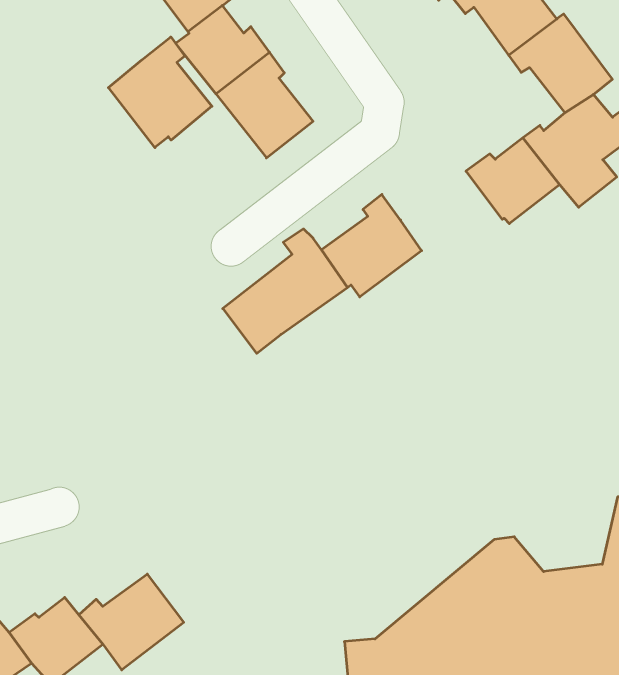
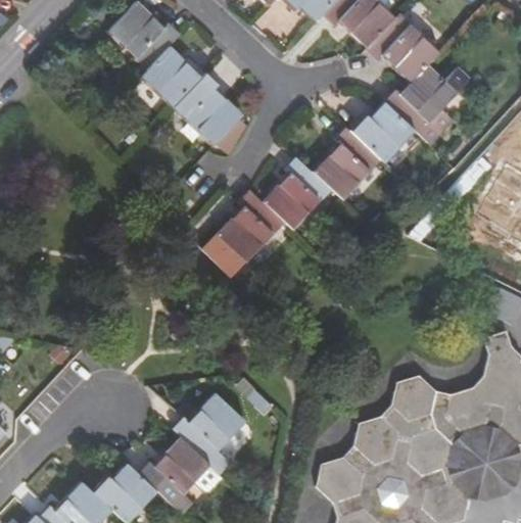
building: [108,37,212,148] -> none
building: none -> [313,128,381,199]
building: none -> [172,394,244,476]

